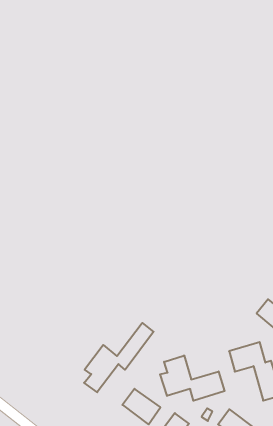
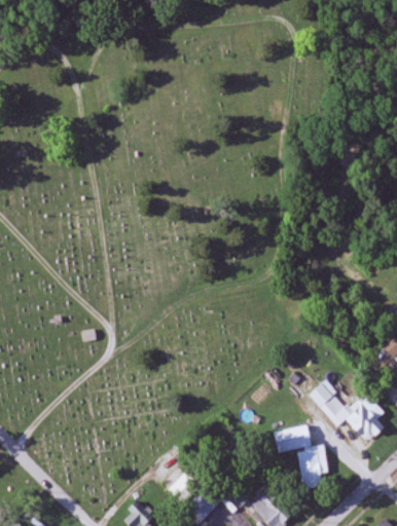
building: [84,323,154,392] -> none
building: [160,355,225,401] -> none

